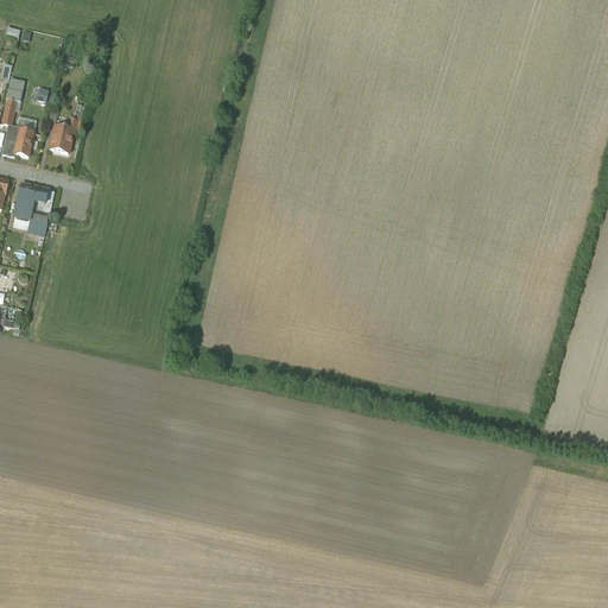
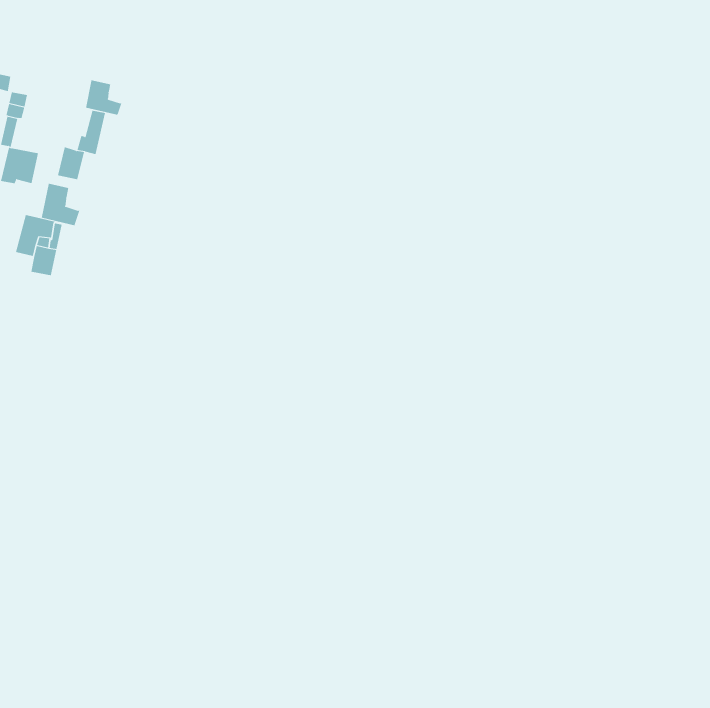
building: none -> [86,79,122,116]
building: none -> [41,183,80,227]

